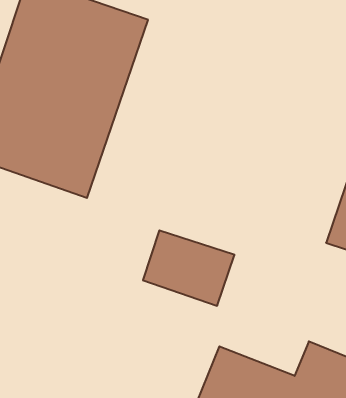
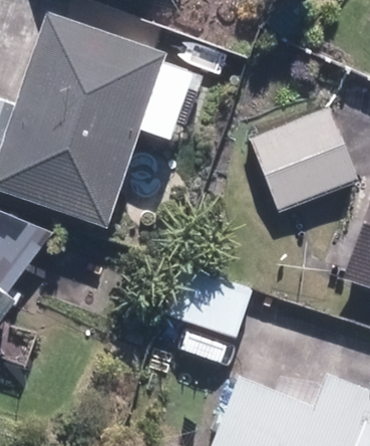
building: none -> [249,106,359,212]

